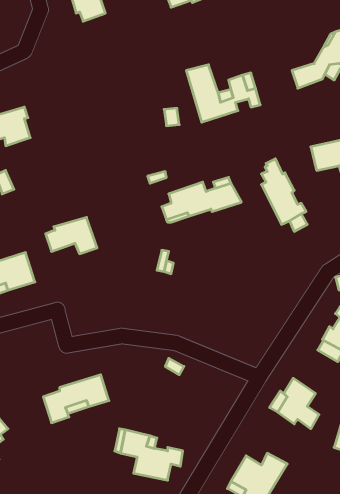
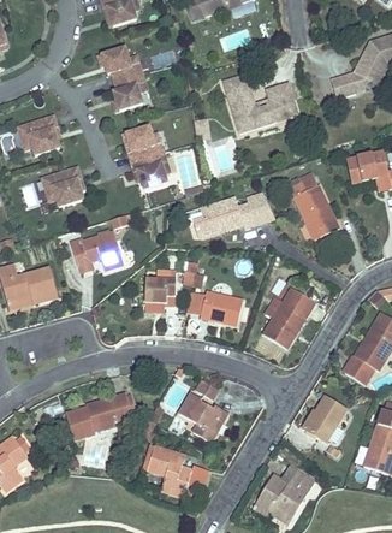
building: none -> [95,49,144,113]
building: none -> [121,128,166,190]
building: none -> [38,168,81,207]
building: none -> [147,280,179,309]
building: none -> [263,289,316,349]
building: none -> [201,291,243,326]
building: none -> [176,386,231,442]

